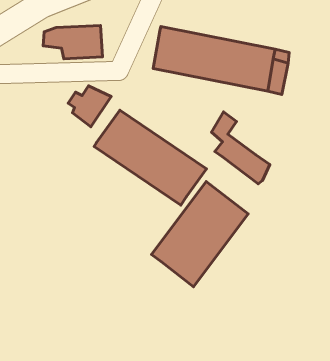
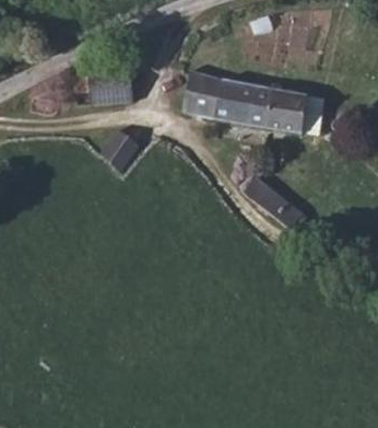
building: [94,110,206,205] -> none
building: [151,182,248,287] -> none

